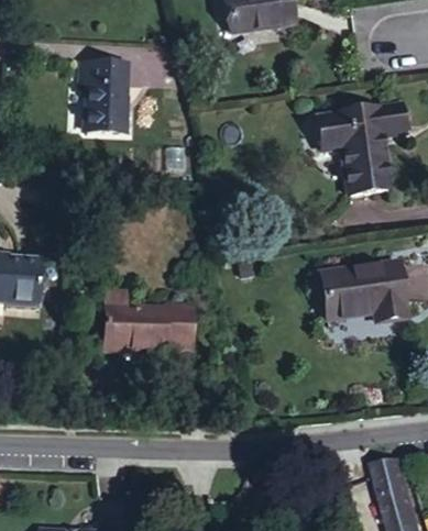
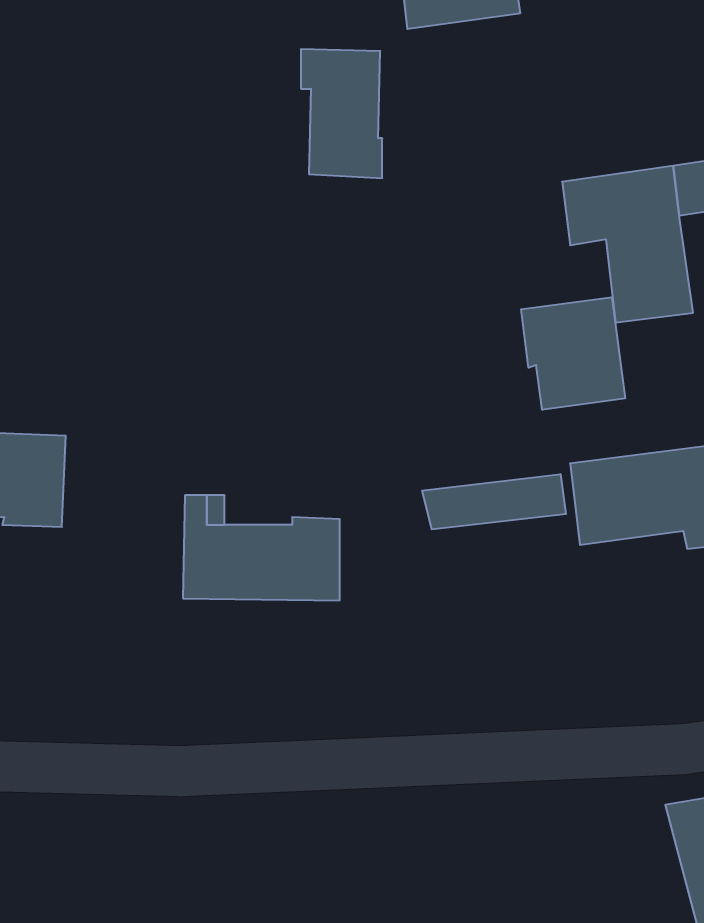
building: [84,62,129,133] -> [301,49,382,178]
building: none -> [521,297,625,410]
building: none -> [422,474,566,529]

